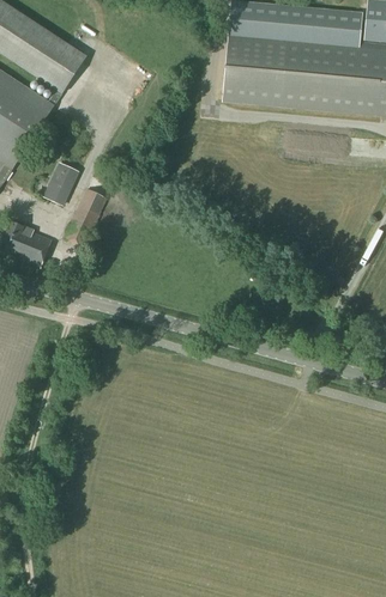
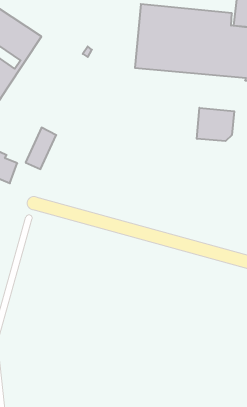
building: none -> [197,108,234,141]
building: [42,160,79,205] -> none

